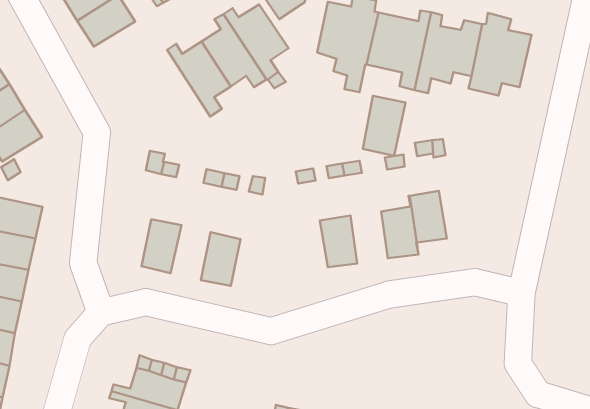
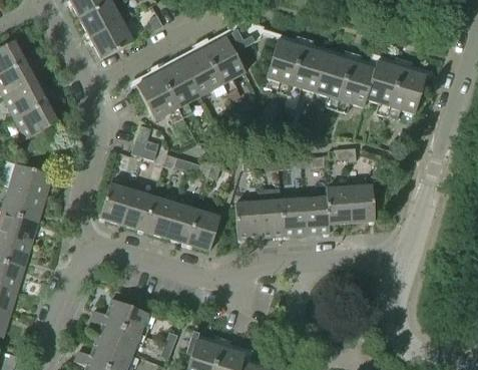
building: none -> [135,64,182,121]
building: [363,96,405,156] -> none
building: none -> [348,184,374,222]
building: none -> [281,198,306,235]
building: none -> [99,182,132,224]
building: none -> [143,192,177,238]
building: none -> [234,201,261,238]
building: none -> [187,206,220,251]

